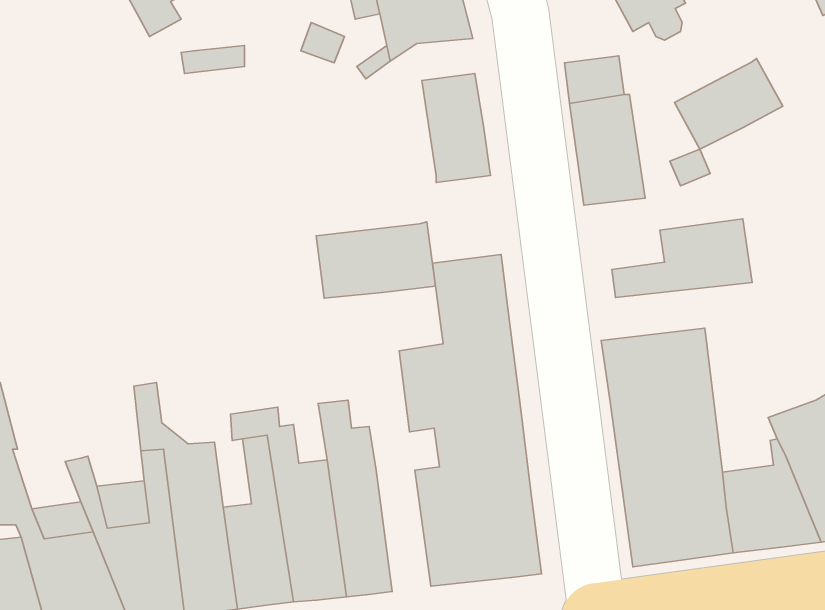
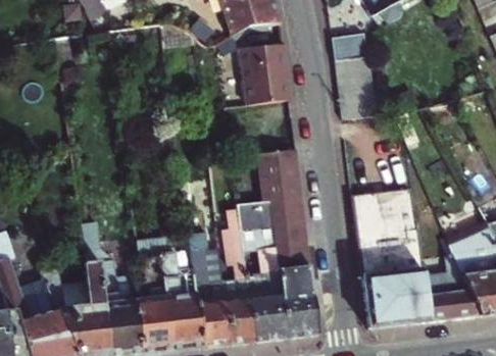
building: [674,58,783,149] -> none
building: [612,219,752,298] -> none
building: [316,222,436,298] -> none
building: none -> [220,200,253,344]

